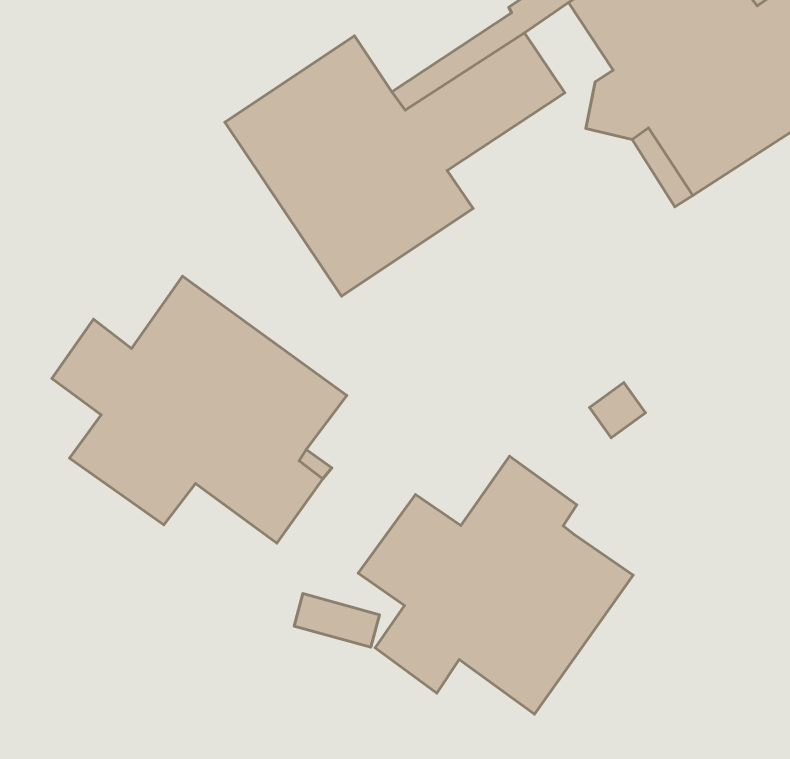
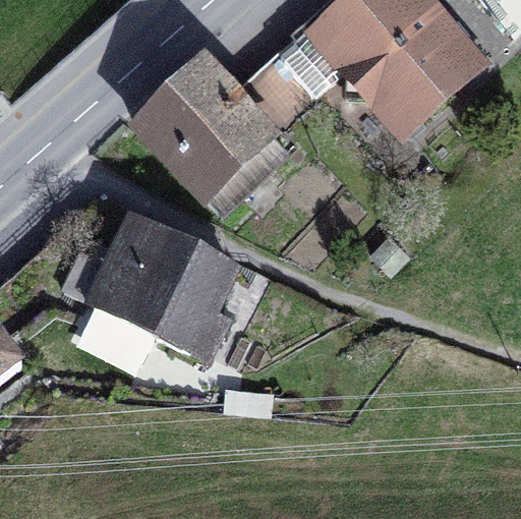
building: [358,456,633,714] -> none

